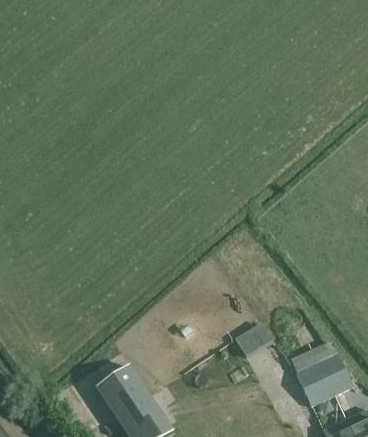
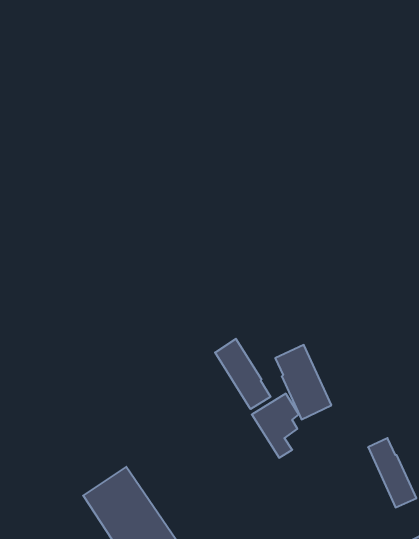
building: none -> [215,339,271,409]
building: [292,349,335,406] -> [275,345,331,419]

